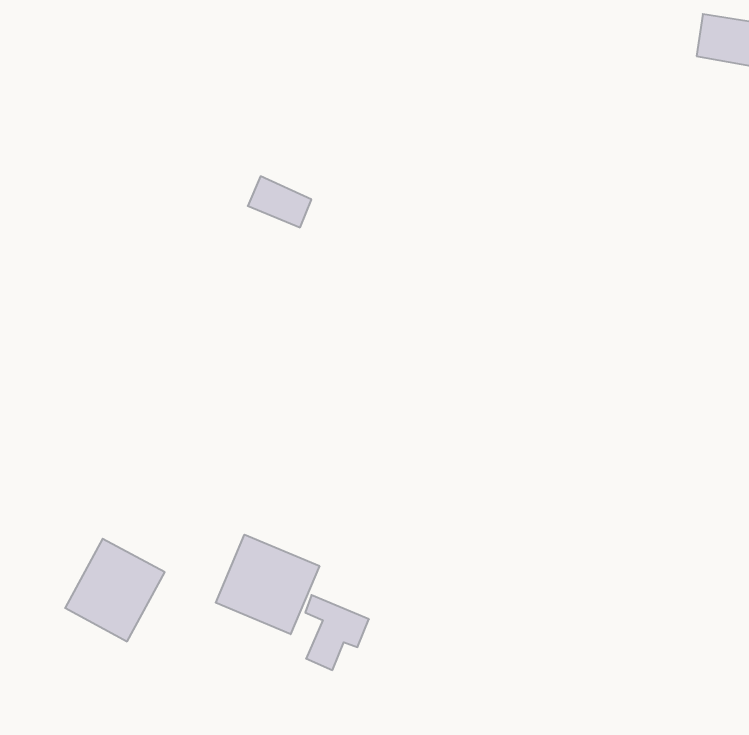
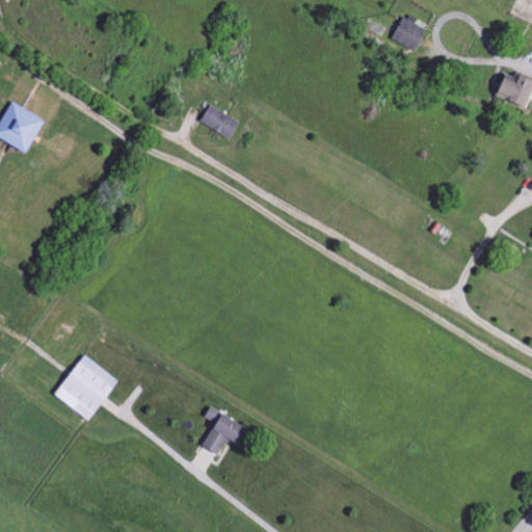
building: [248,176,311,227] -> [198,104,239,139]
building: [216,535,319,634] -> none

